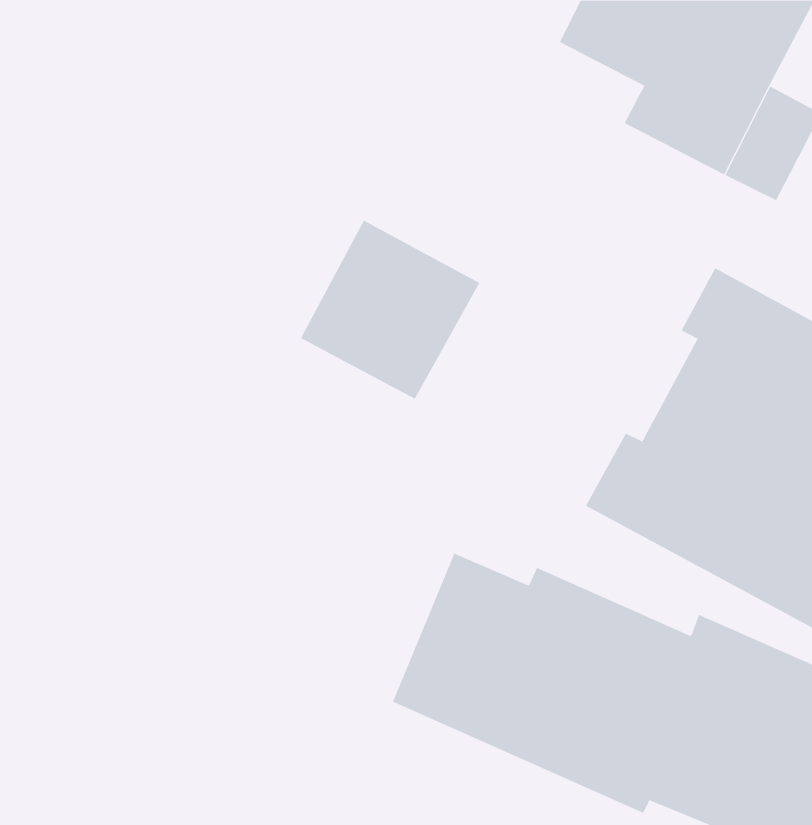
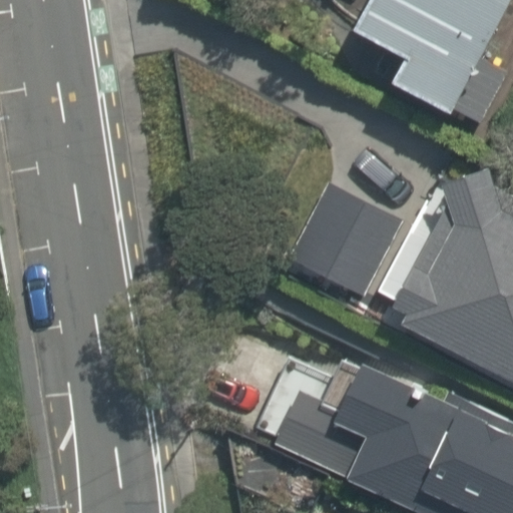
building: [300,220,480,400] -> [290,183,401,295]

